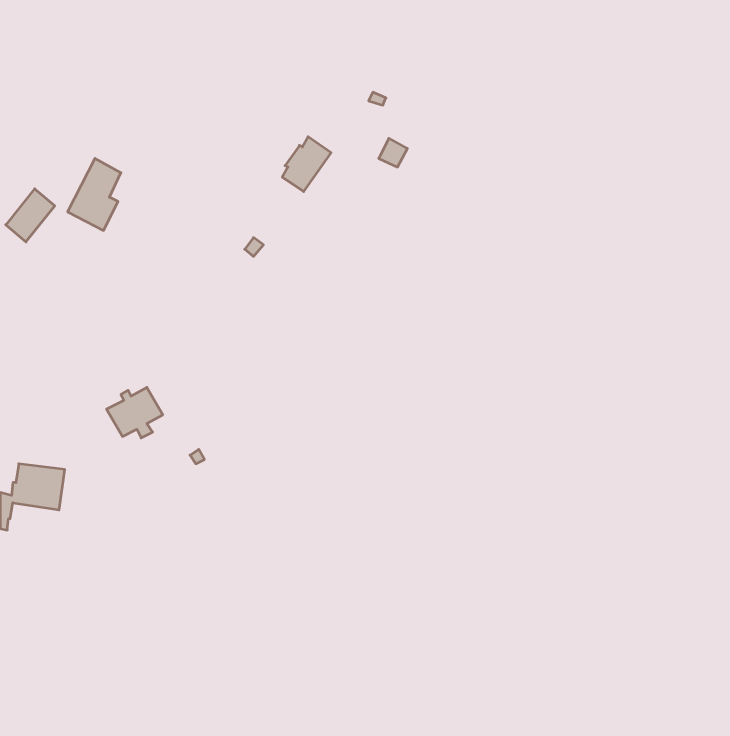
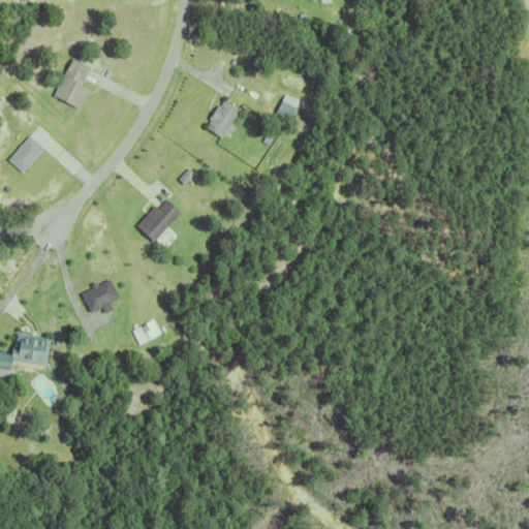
building: [68,158,121,230] -> [54,57,92,108]
building: none -> [136,199,181,242]

